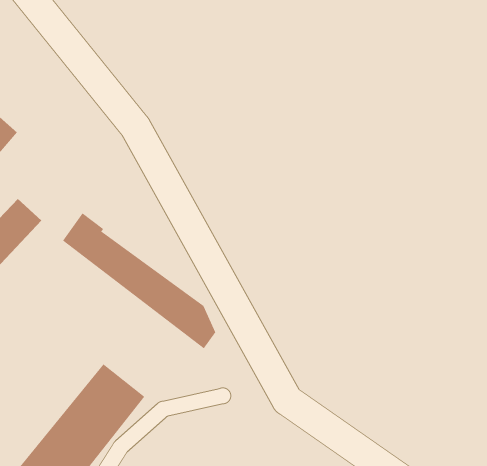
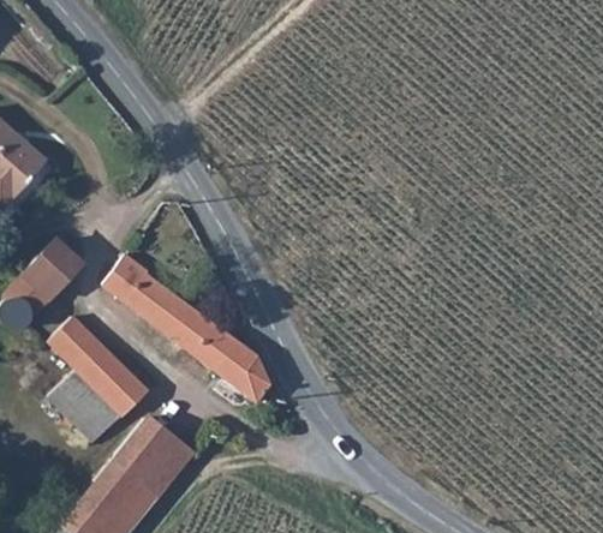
building: none -> [47,315,145,442]

